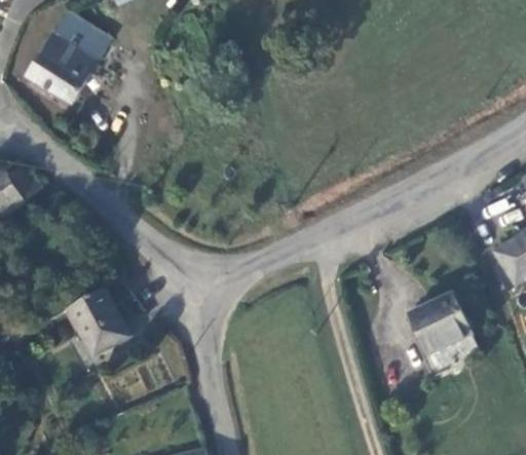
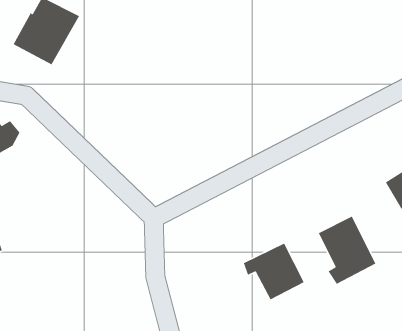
building: [67,288,128,352] -> none
building: none -> [243,242,305,300]

